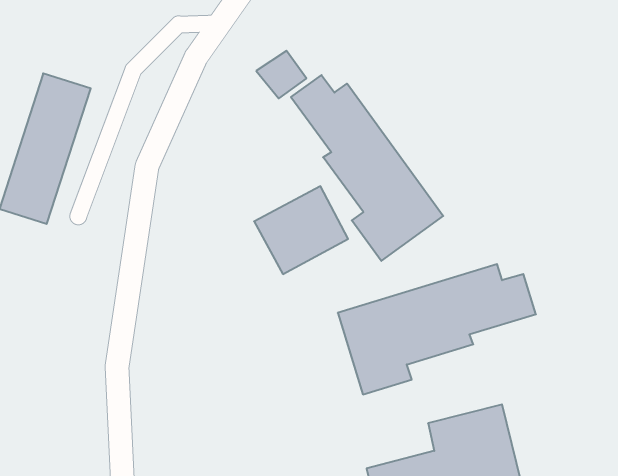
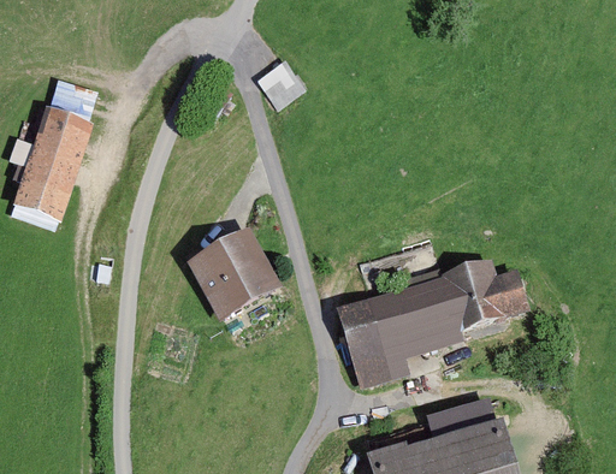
building: [291,75,443,261] -> none
building: [254,186,348,274] -> [185,231,276,315]

